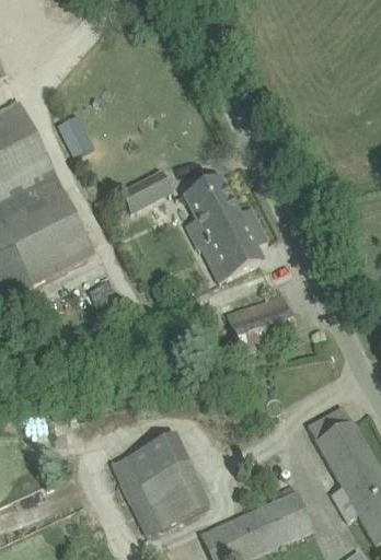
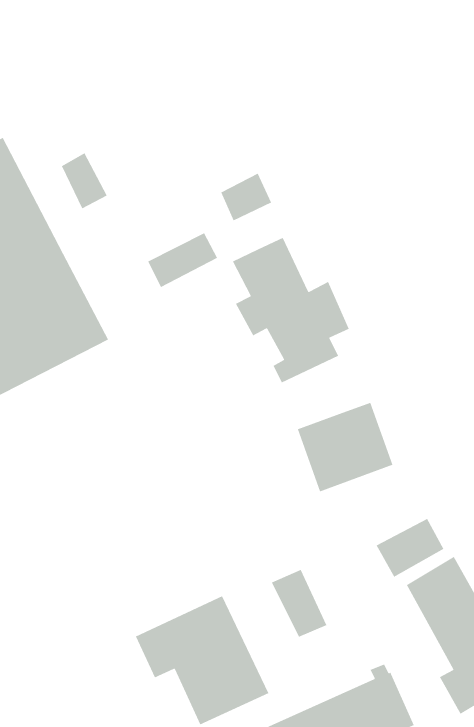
building: none -> [220,172,272,221]
building: none -> [375,518,445,578]
building: none -> [271,569,328,638]

